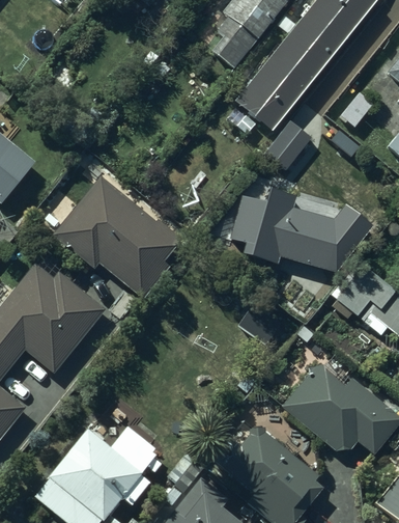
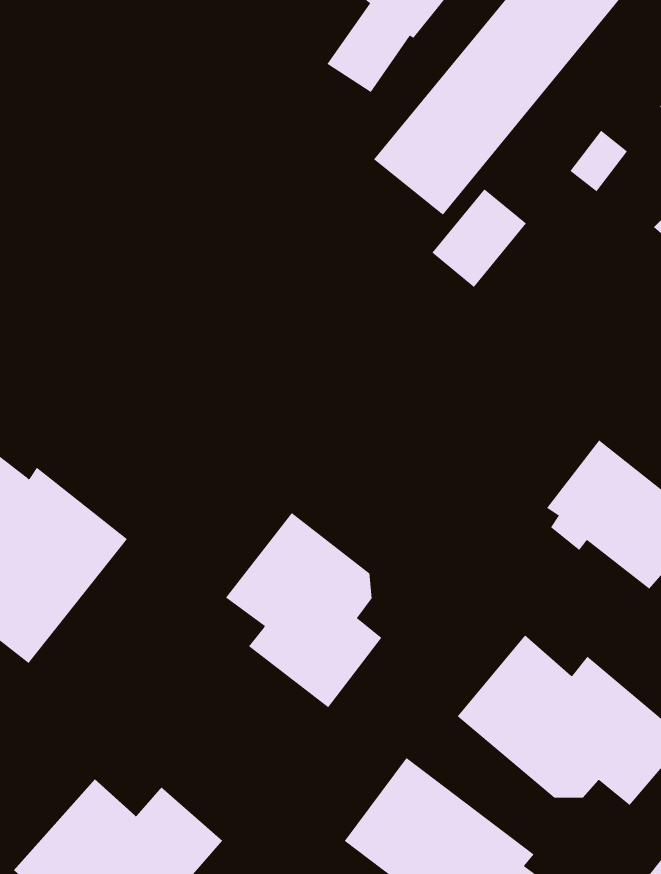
building: [51,177,184,298] -> none
building: [251,204,344,277] -> none
building: none -> [225,512,382,708]

